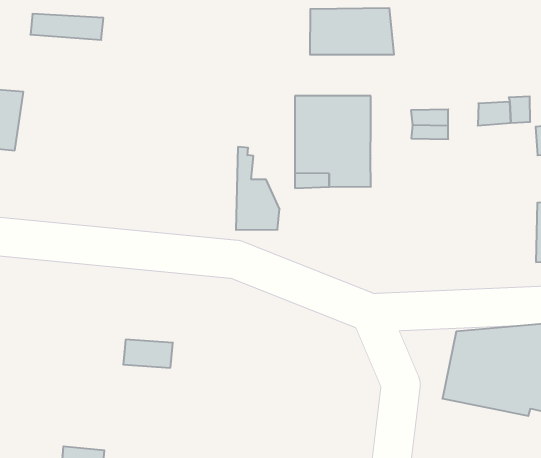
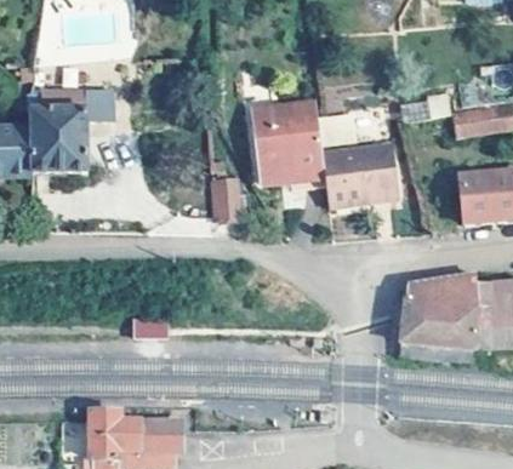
building: [310,8,394,55] -> none
building: none -> [28,88,98,173]
building: none -> [319,144,392,205]

